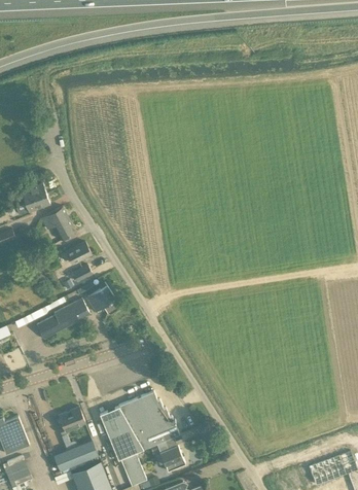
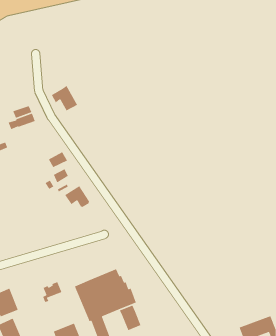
building: [41,206,76,240] -> [51,85,78,112]
building: [36,297,91,339] -> none
building: [53,440,98,470] -> none

